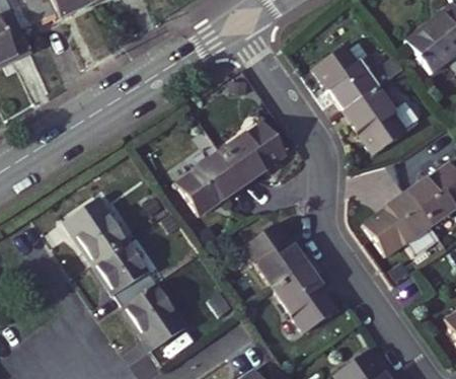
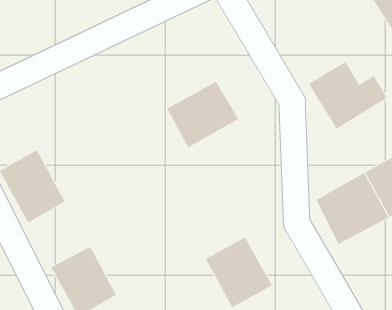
building: [313,39,379,107] -> none
building: [170,146,238,214] -> none
building: [235,217,302,285] -> none
building: [94,245,156,309] -> none

